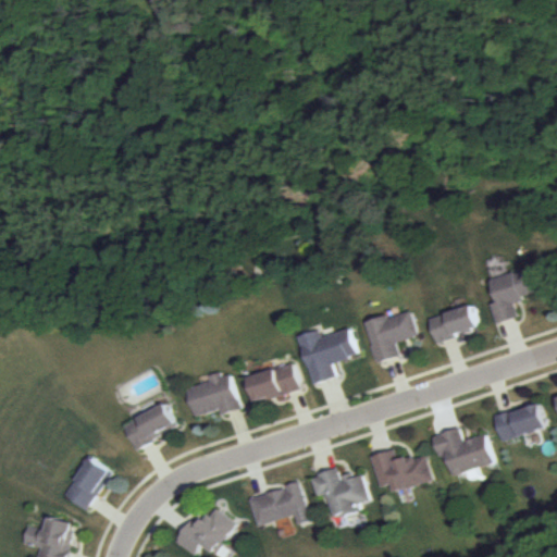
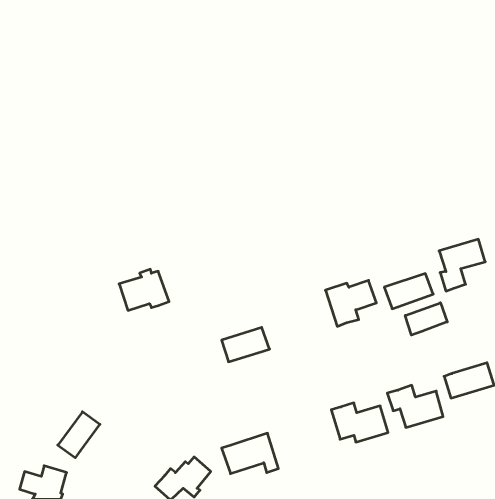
building: [296,326,358,383] -> none
building: none -> [405,303,447,335]
building: [184,371,239,417] -> [119,269,169,310]
building: [122,403,176,450] -> none
building: [309,468,370,519] -> none

